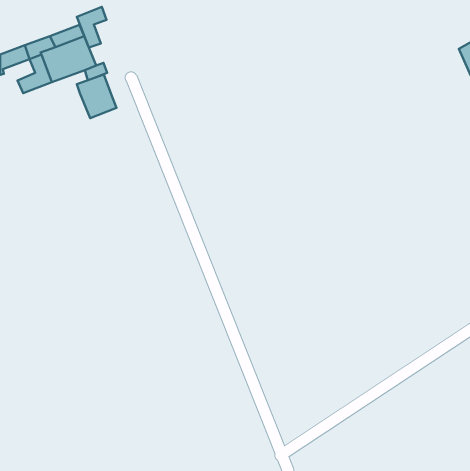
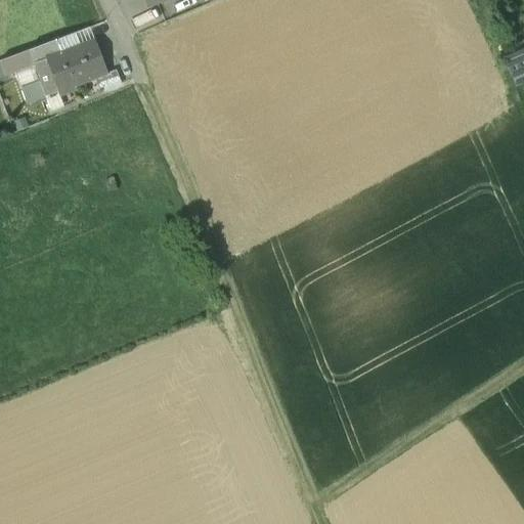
building: [77,7,107,48] -> none
building: [77,75,117,118] -> none

